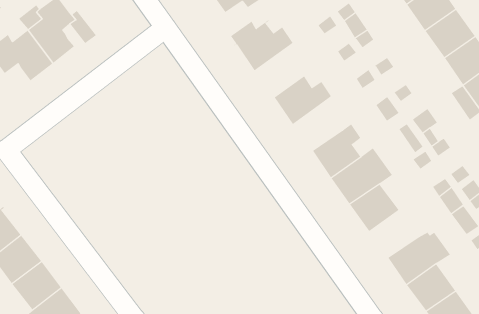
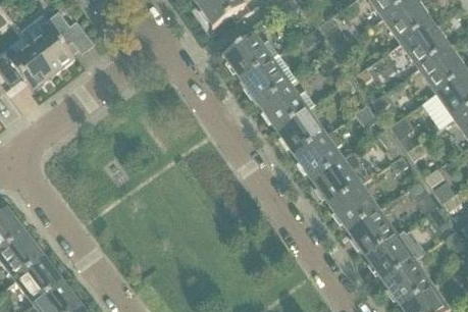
building: none -> [243,54,298,105]
building: none -> [278,110,325,155]
building: none -> [350,210,396,255]

